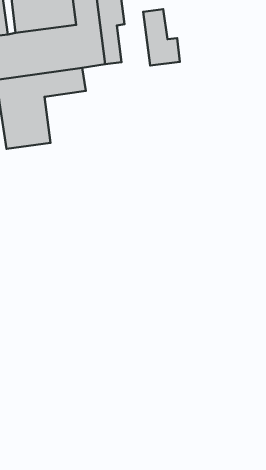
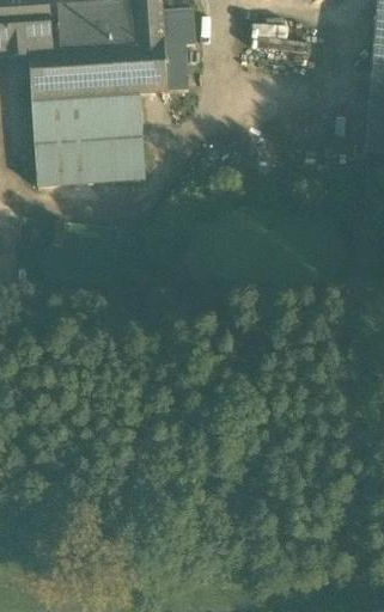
building: [143,9,180,65] -> none
building: none -> [89,120,145,180]

